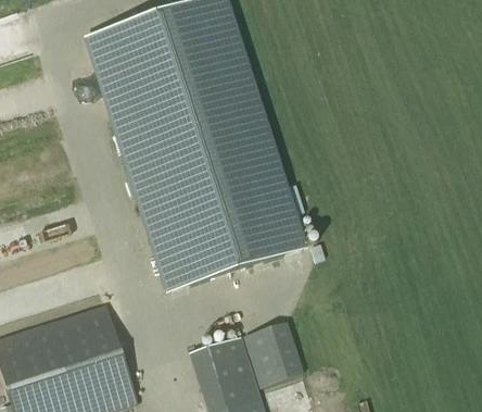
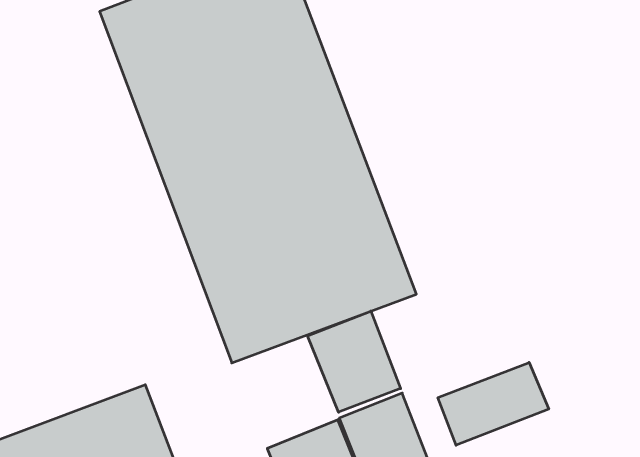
building: none -> [308,311,401,412]
building: none -> [438,362,549,445]

